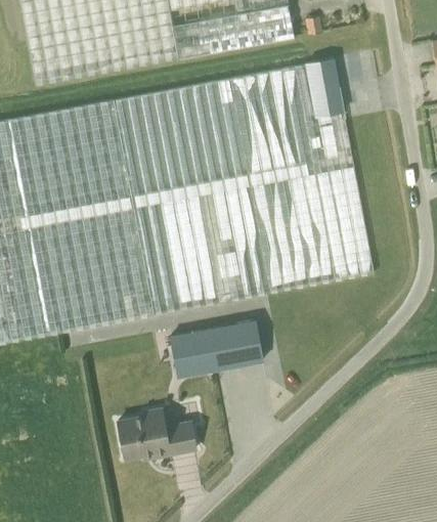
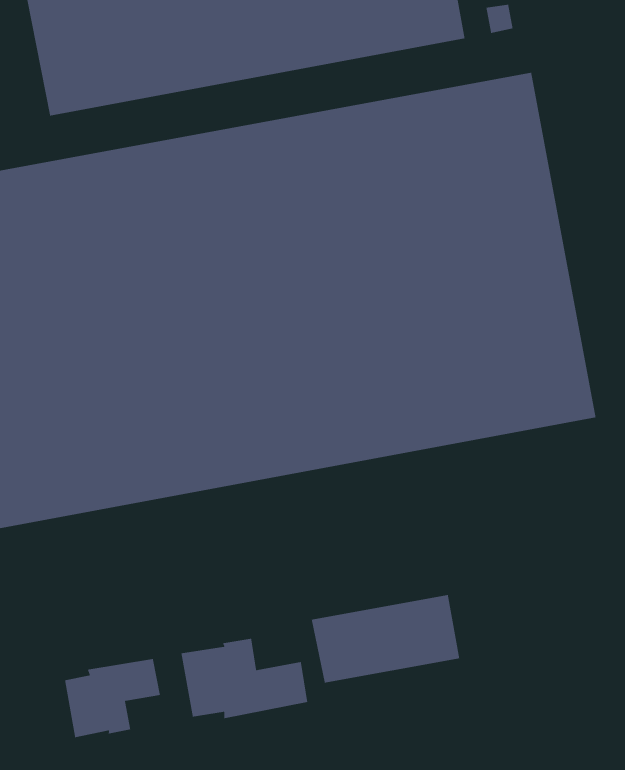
building: [169,320,261,376] -> [311,594,460,684]
building: none -> [64,658,161,738]

